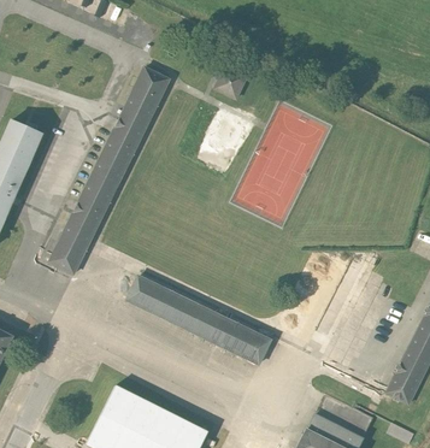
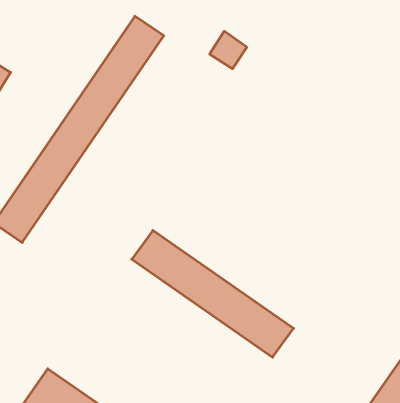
building: [124,273,273,367] -> [132,230,294,357]

